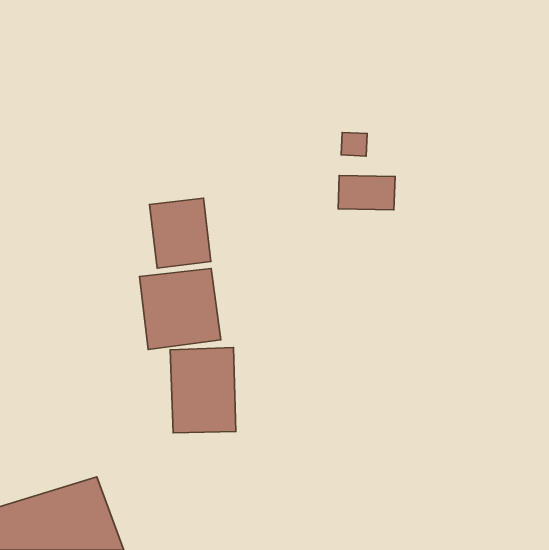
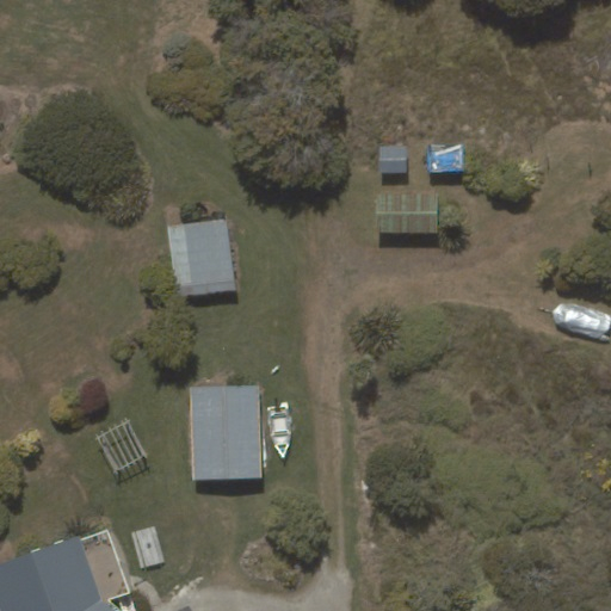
building: [140,268,221,349] -> none

